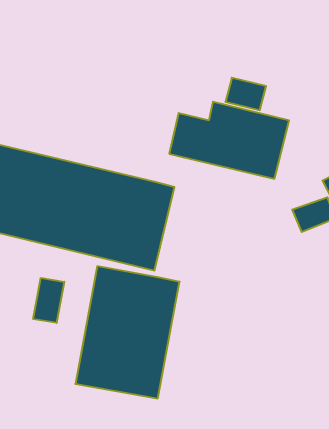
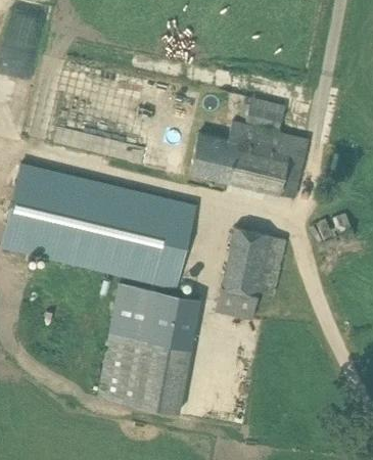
building: none -> [216,228,286,320]
building: [33,278,64,323] -> none

